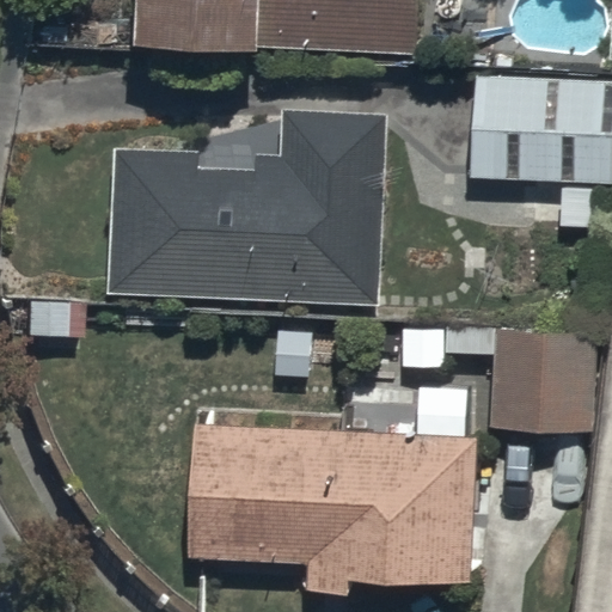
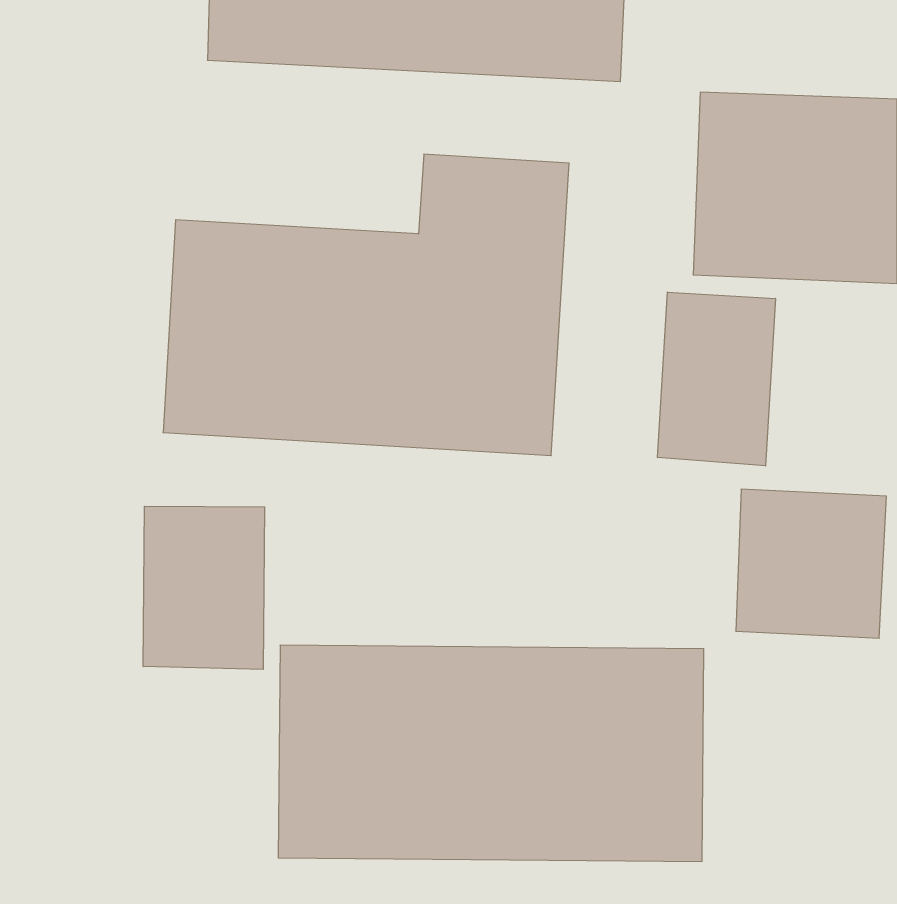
building: none -> [658,292,775,466]
building: none -> [143,506,265,669]

